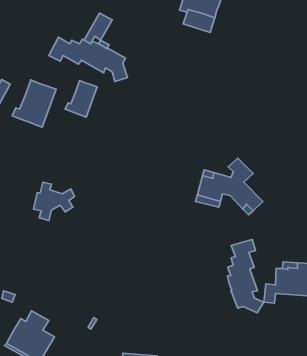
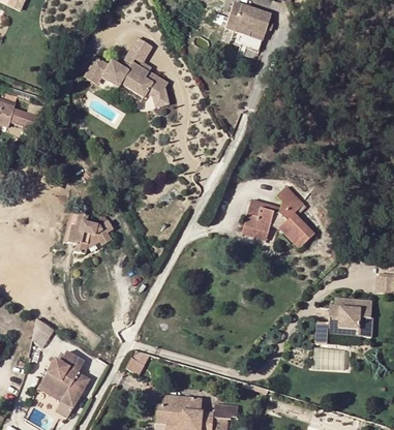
building: [12,80,56,127] -> none
building: [65,80,97,117] -> none
building: [228,240,264,313] -> none

